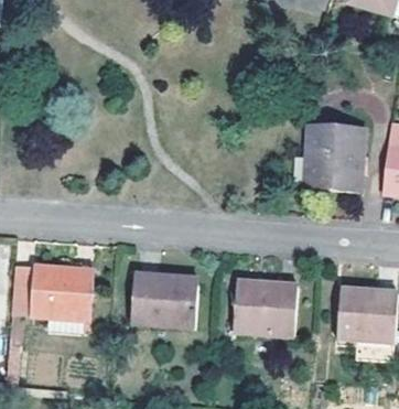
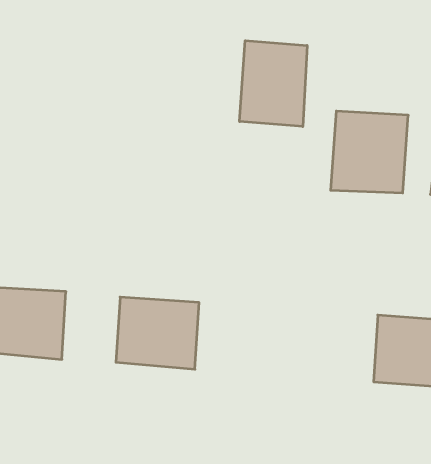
building: none -> [240,41,307,127]
building: [234,280,298,338] -> none

